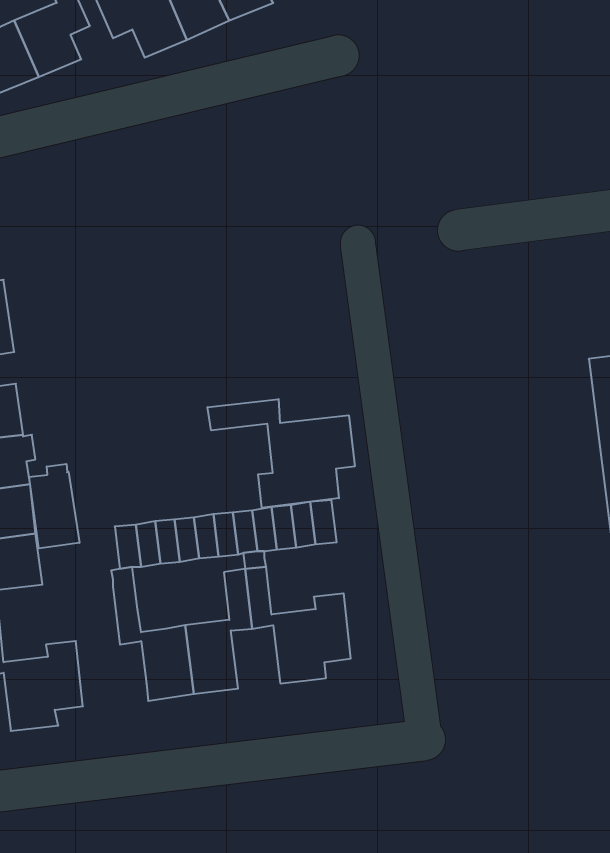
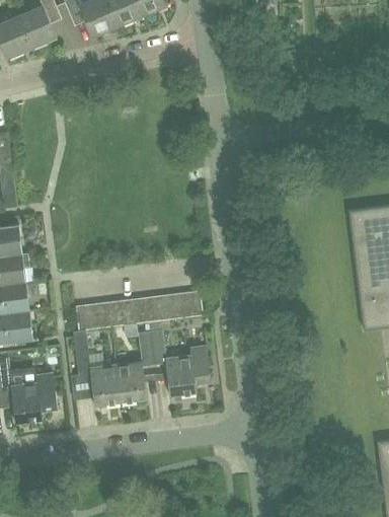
building: [208,399,355,508] -> none
building: [29,464,79,548] -> none

